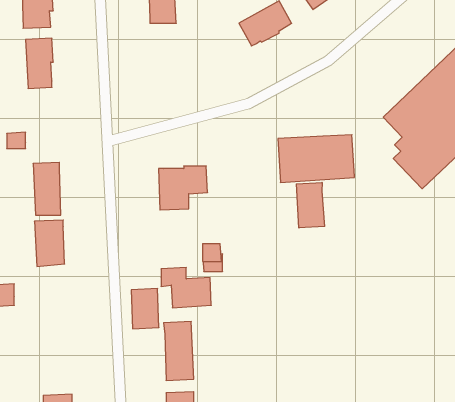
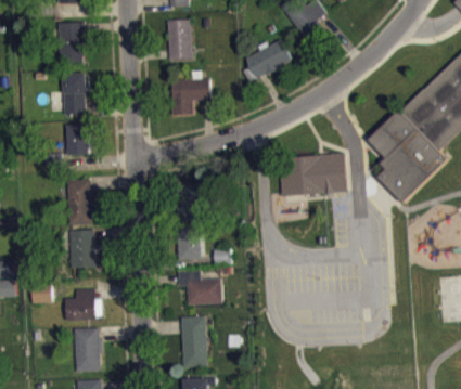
building: none -> [169,78,209,115]
building: none -> [65,124,88,155]
building: [296,182,325,228] -> none
building: [131,289,159,329] -> [177,225,201,260]
building: none -> [65,288,95,321]
building: none -> [74,327,101,372]

